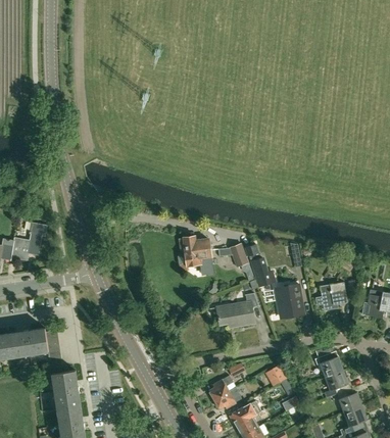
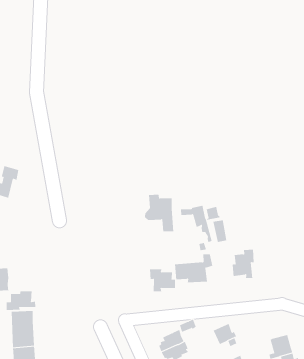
building: [314,283,346,311] -> none
building: none -> [150,268,176,292]
building: none -> [6,290,36,311]
building: [314,352,342,378] -> none

